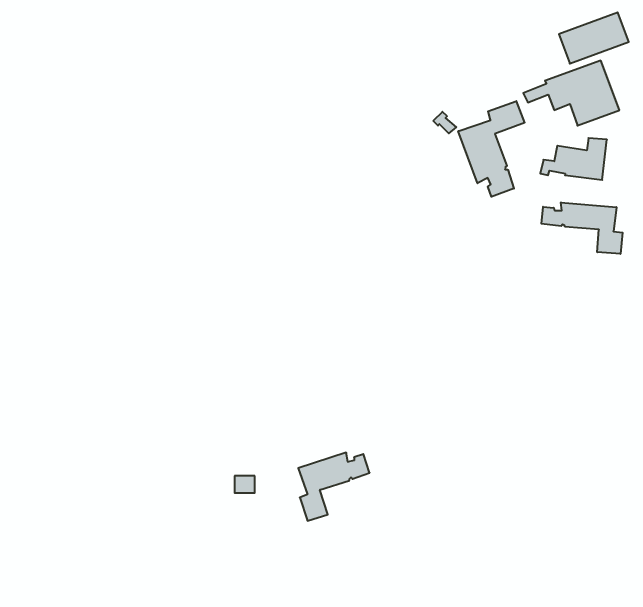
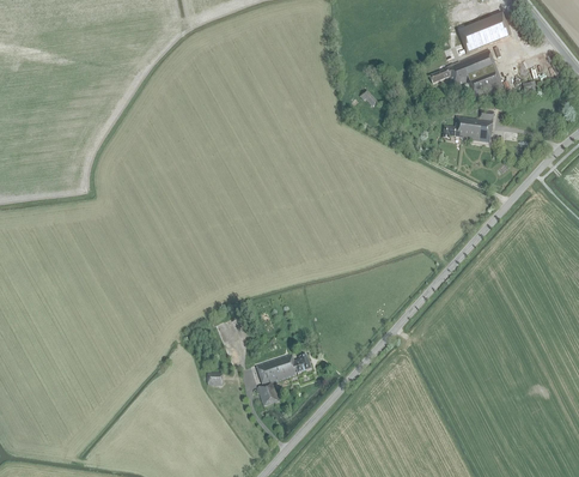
building: [458,101,525,197] -> none
building: [541,202,623,254] -> none

